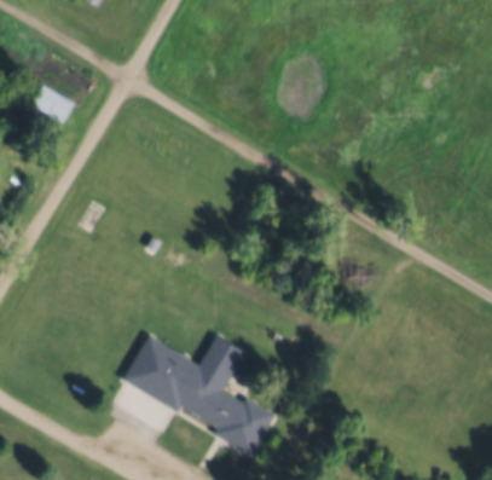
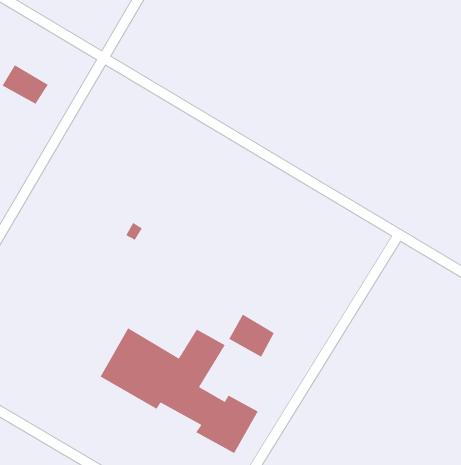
building: none -> [228,313,275,358]

